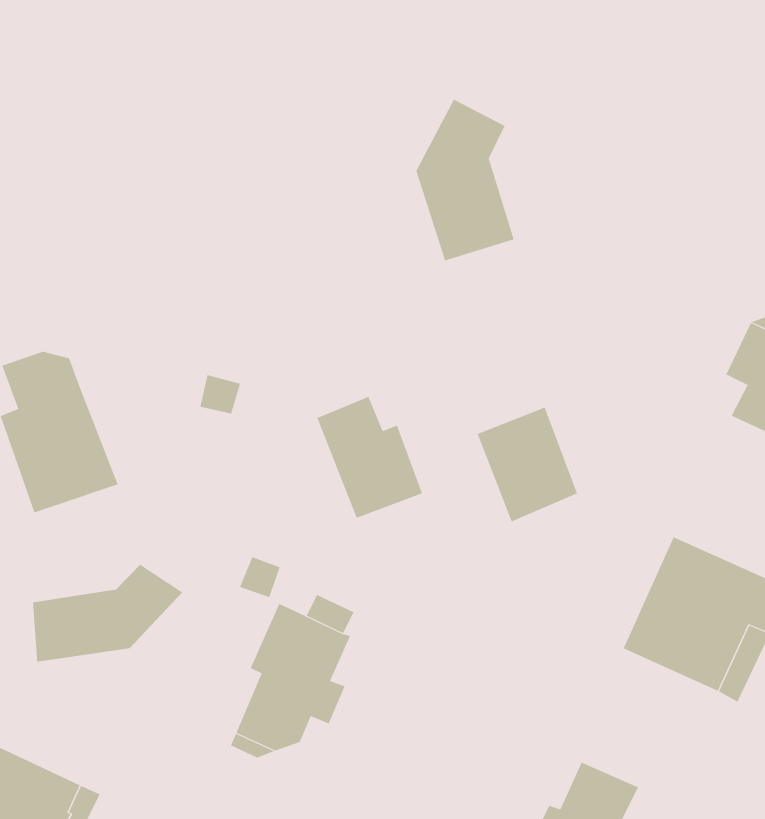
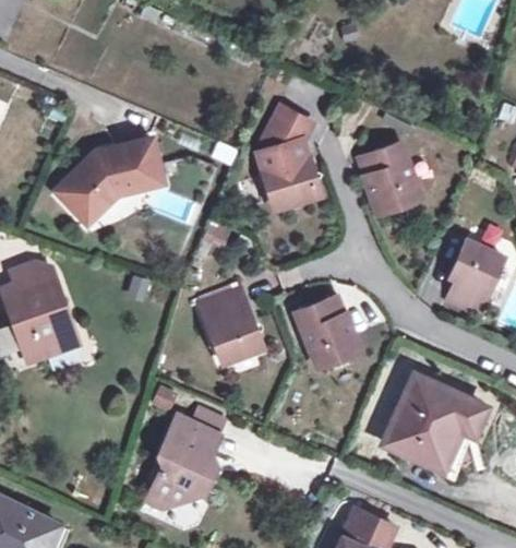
building: none -> [60,139,163,223]
building: none -> [358,142,419,212]
building: [32,564,183,663] -> none

